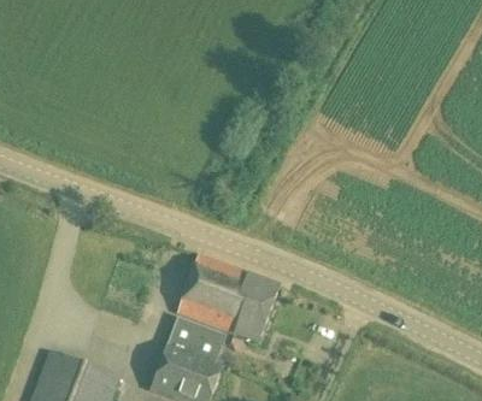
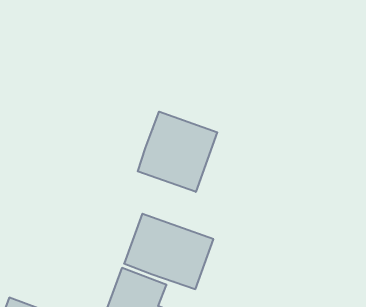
building: none -> [138,112,217,192]

